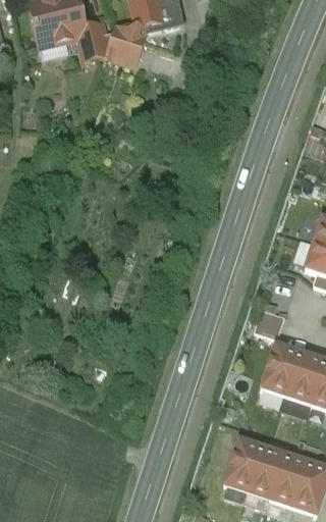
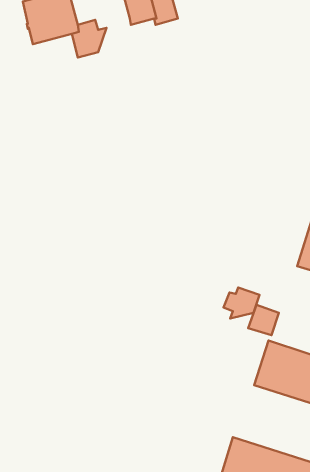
building: [106,20,141,63] -> none
building: none -> [223,288,260,318]

